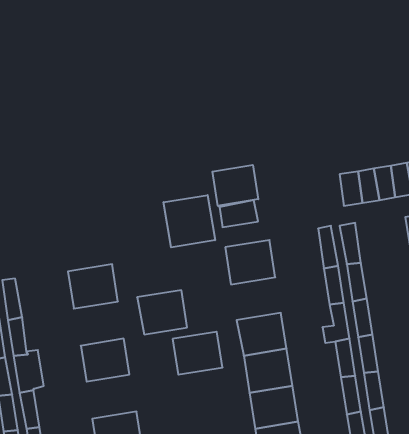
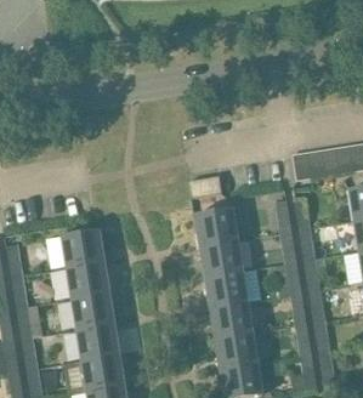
building: [212,165,258,206] -> none
building: [164,195,215,247] -> none
building: [137,290,187,334] -> [67,262,109,300]
building: [173,332,223,375] -> [200,241,243,278]
building: none -> [78,324,120,362]

